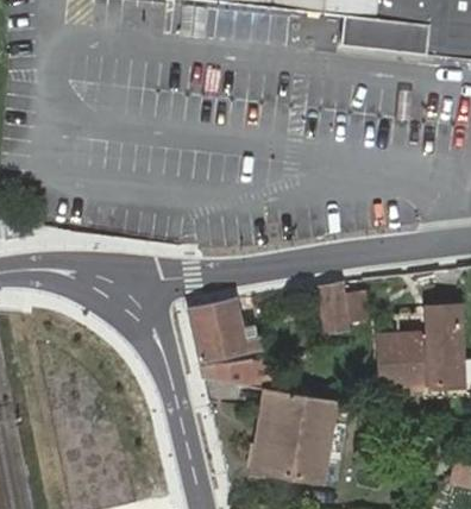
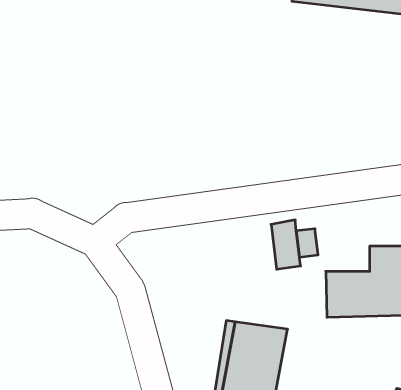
building: [191,299,259,359] -> none
building: [203,359,269,388] -> none

